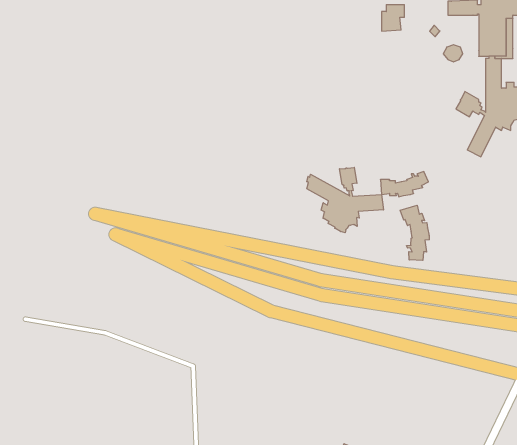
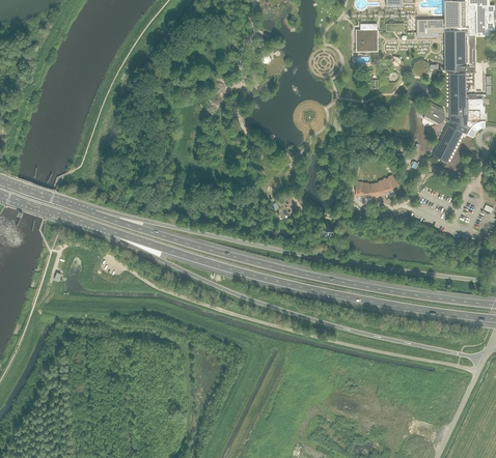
building: [307,167,383,233] -> none
building: [400,205,429,260] -> none

